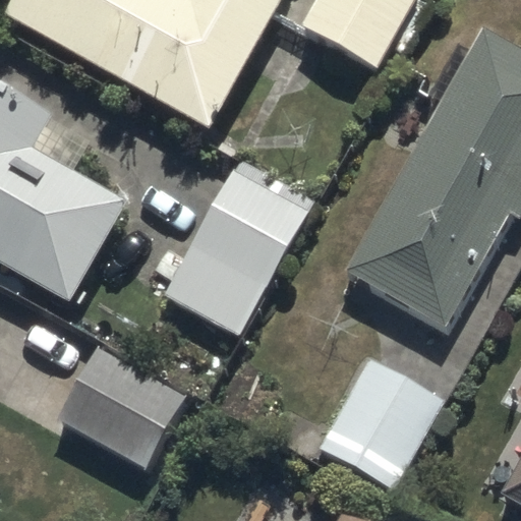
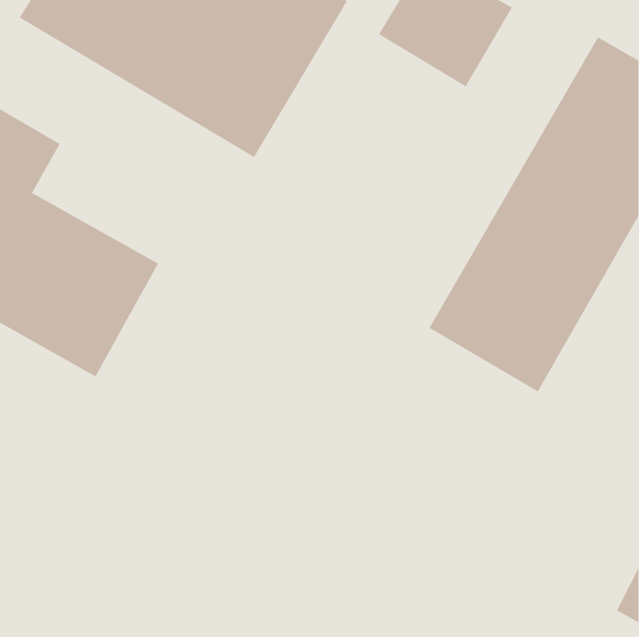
building: [175,179,302,326] -> none
building: [65,353,185,470] -> none
building: [322,357,438,483] -> none

